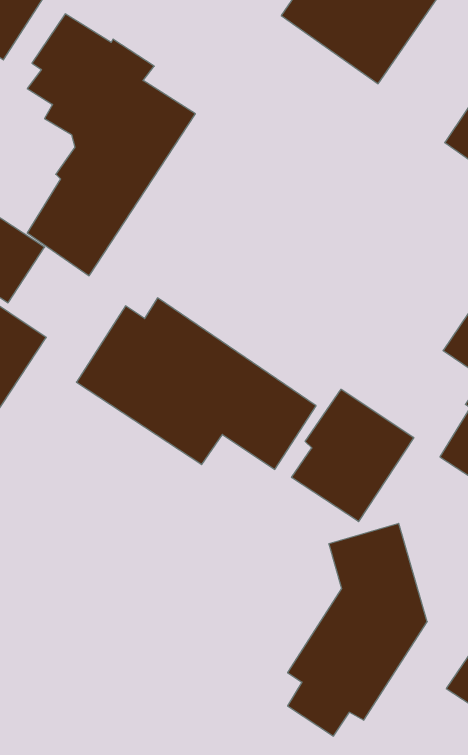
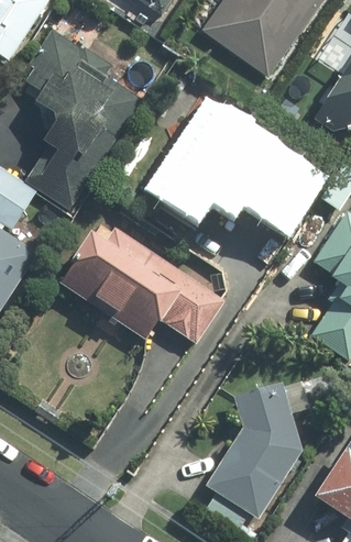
building: none -> [158,106,319,224]
building: [292,389,414,522] -> none

